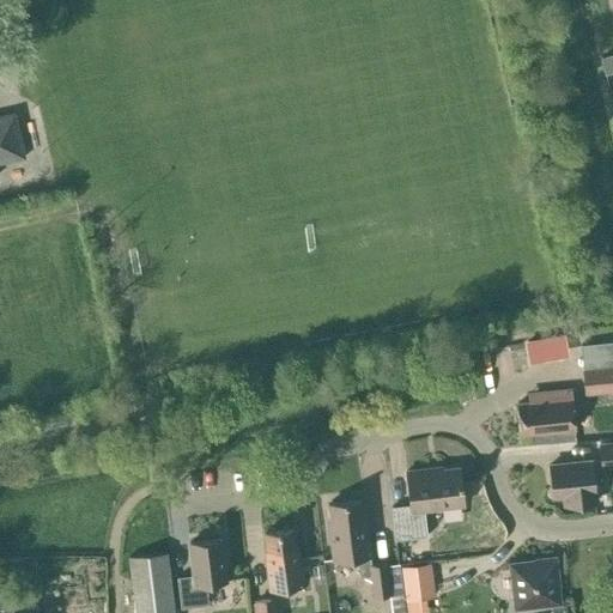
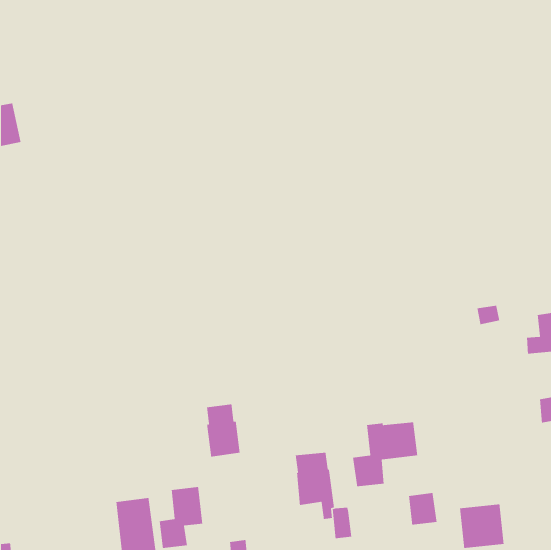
building: [517,392,575,437] -> none
building: [550,463,596,508] -> none
building: [265,532,303,591] -> [206,403,241,457]
building: [402,566,435,603] -> [408,492,437,526]

